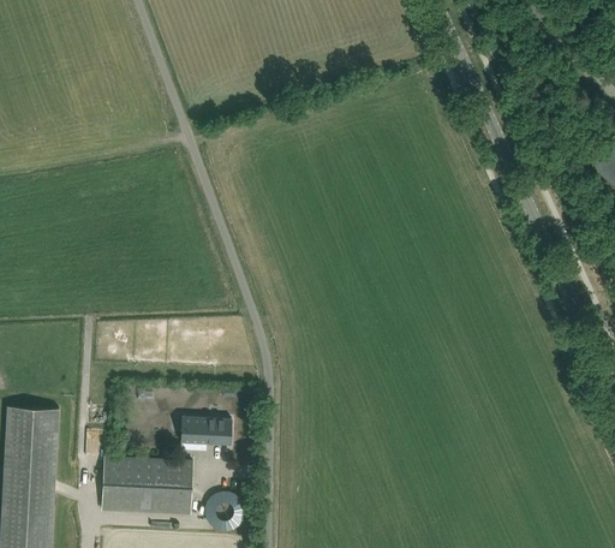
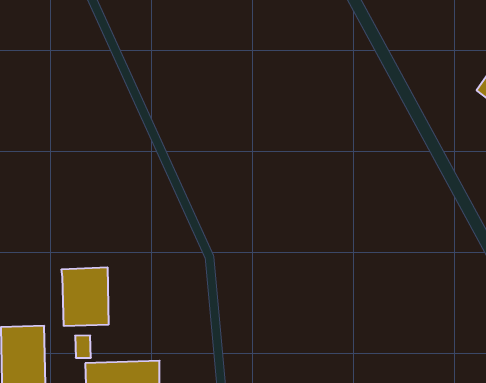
building: none -> [62,267,108,326]
building: [179,417,229,443] -> none

